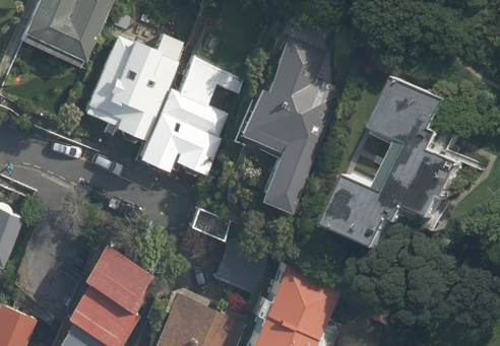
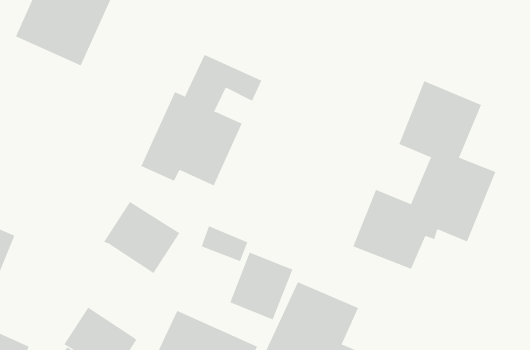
building: [82,32,178,137] -> none
building: [237,43,342,211] -> none
building: [82,249,153,316] -> [103,201,180,274]

